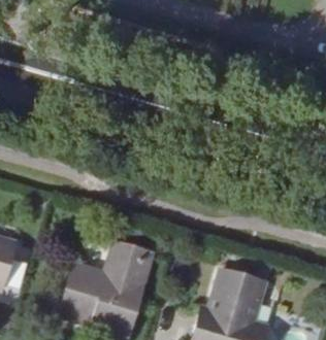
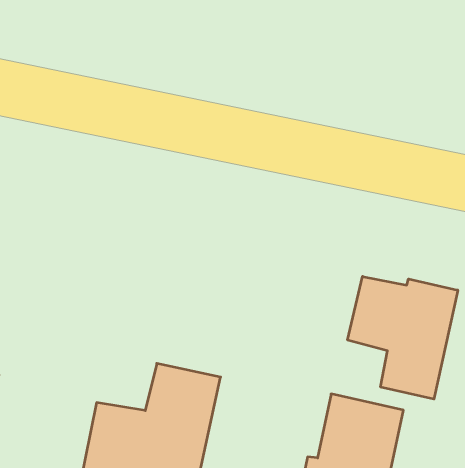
building: none -> [348,276,458,399]

